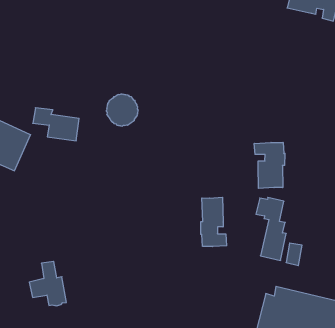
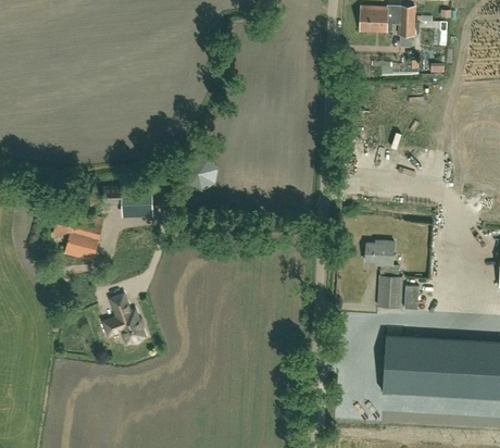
building: [254,142,285,188] -> none
building: [201,197,227,247] -> none
building: [29,261,66,306] -> [101,296,146,345]

